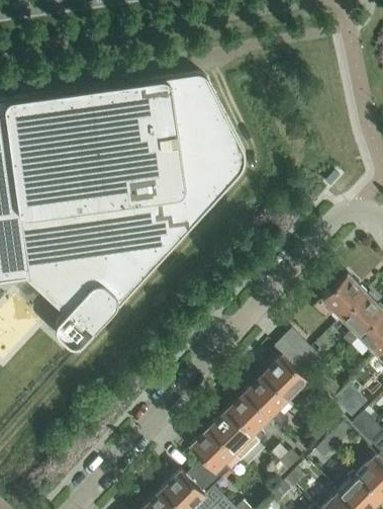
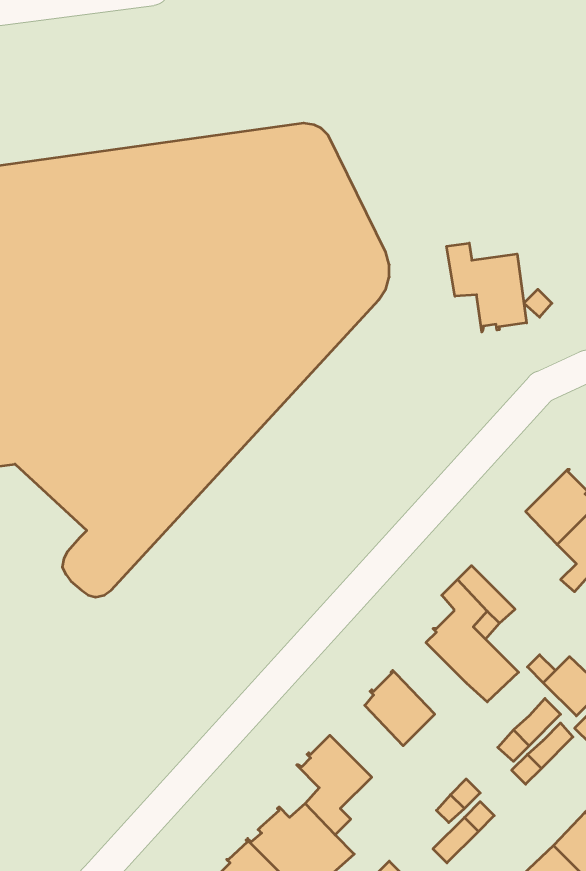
building: none -> [447,243,527,332]
building: [248,373,288,428] -> none
building: [208,410,259,460] -> none

